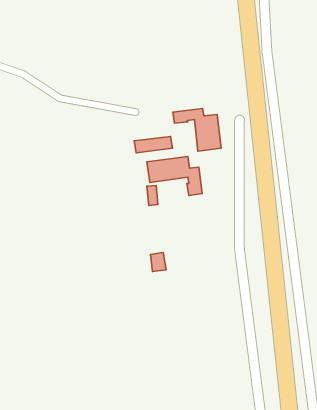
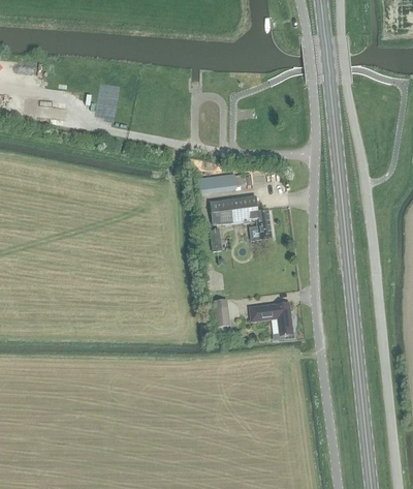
building: [173,108,221,151] -> none
building: none -> [250,302,291,333]

